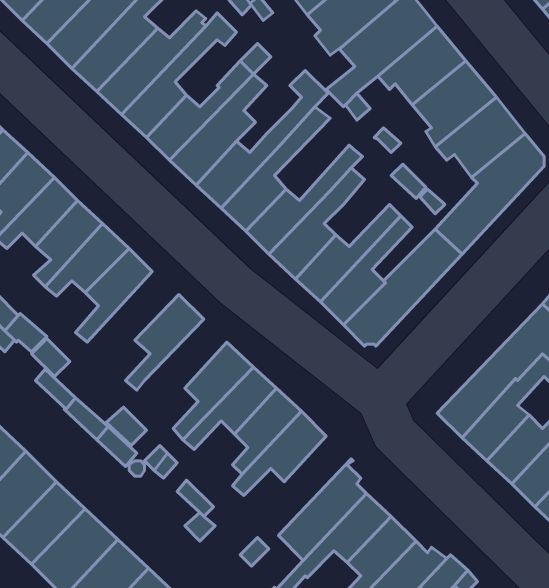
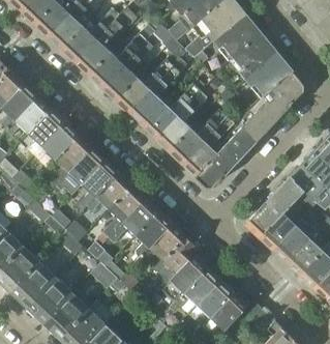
building: none -> [56,147,106,191]
building: none -> [87,173,131,211]
building: none -> [154,236,199,289]

